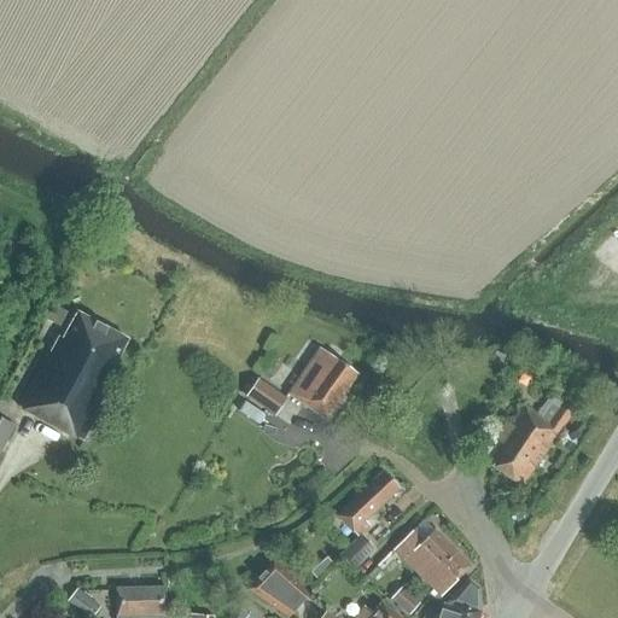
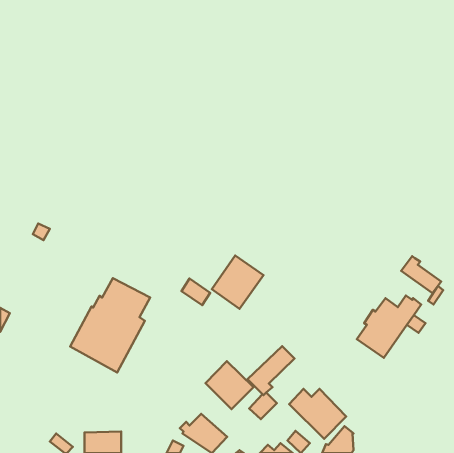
building: [19,311,128,439] -> [70,278,150,372]
building: none -> [401,256,441,293]
building: none -> [206,361,254,409]

